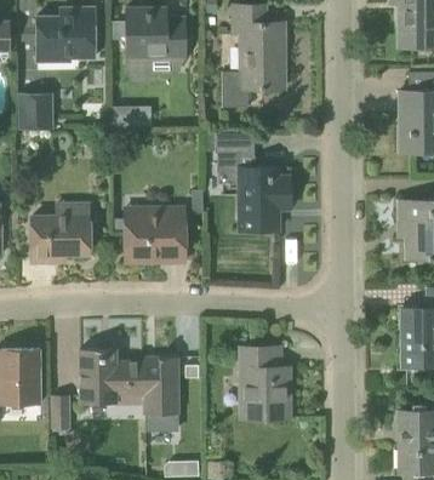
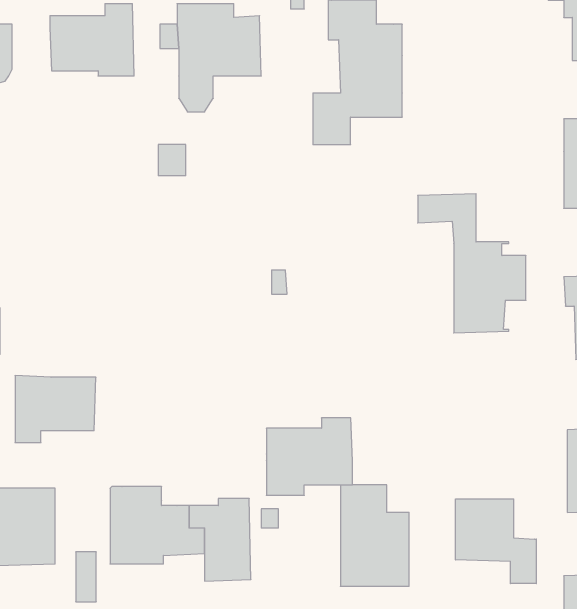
building: [17,93,52,131] -> none
building: [215,133,291,232] -> [418,194,526,333]
building: [125,207,185,262] -> [266,418,352,495]
building: [33,216,90,263] -> [15,376,96,443]
building: none -> [456,499,536,584]

